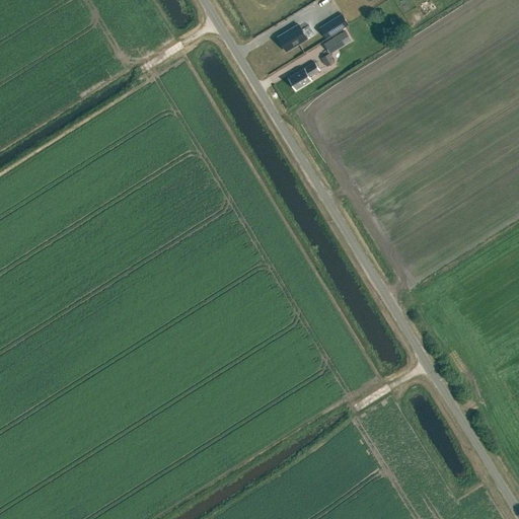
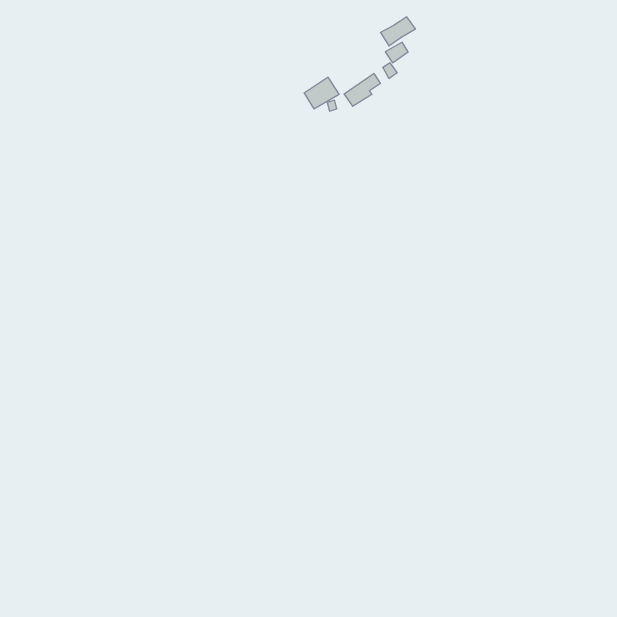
building: [278,24,307,51] -> [304,77,339,109]

